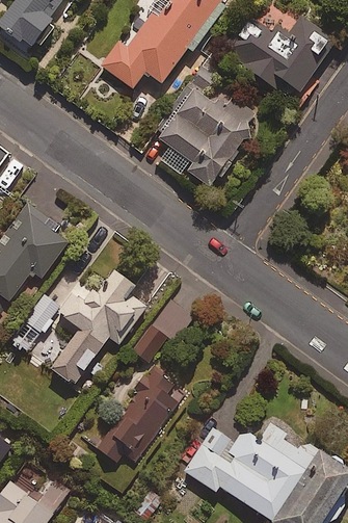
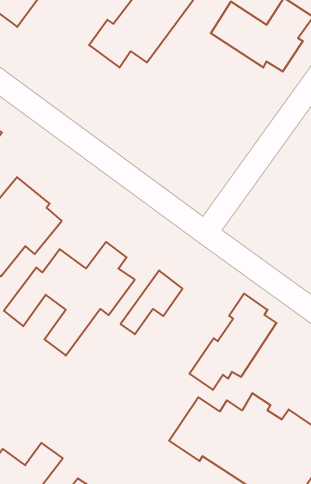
building: [155,87,253,189] -> none
building: [97,364,186,463] -> [189,294,277,390]

